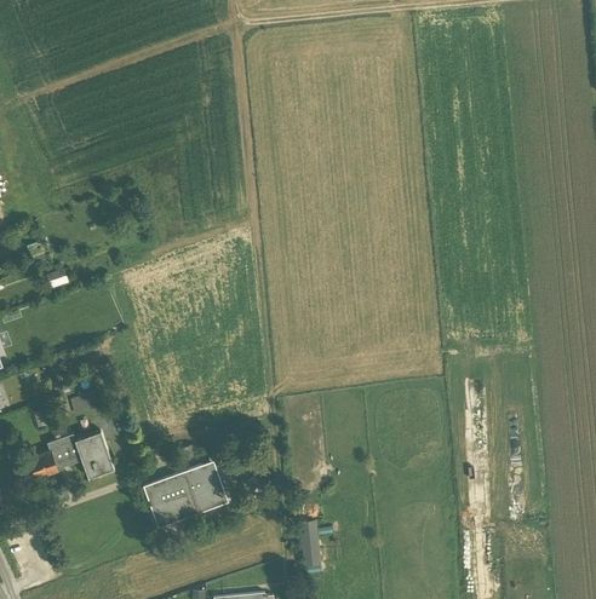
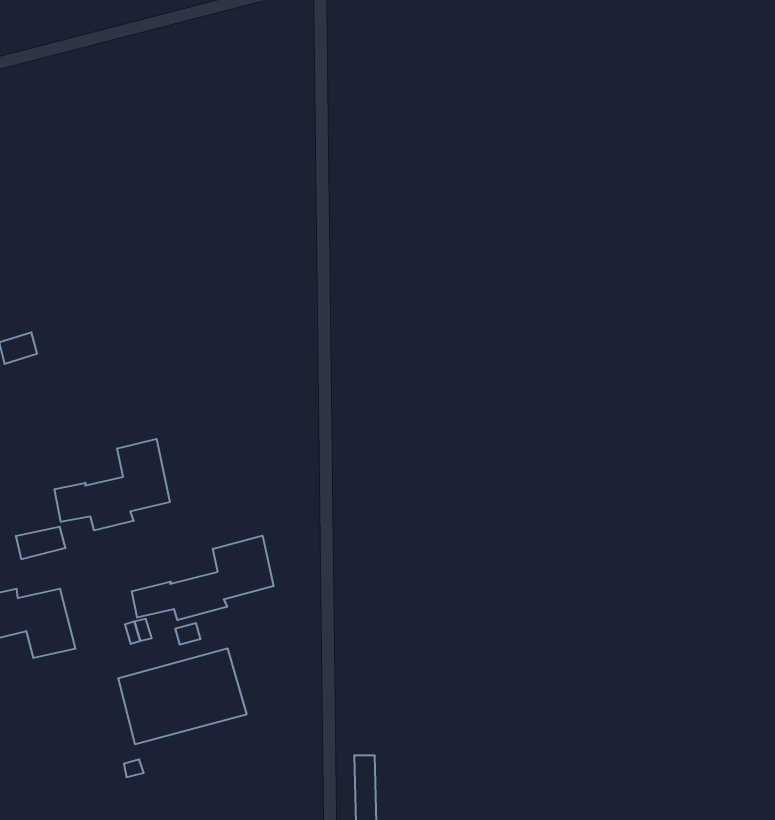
building: none -> [55,439,170,530]
building: none -> [132,536,273,620]

